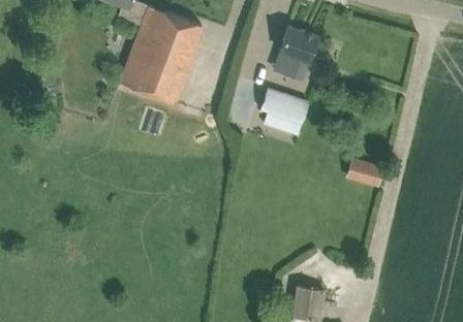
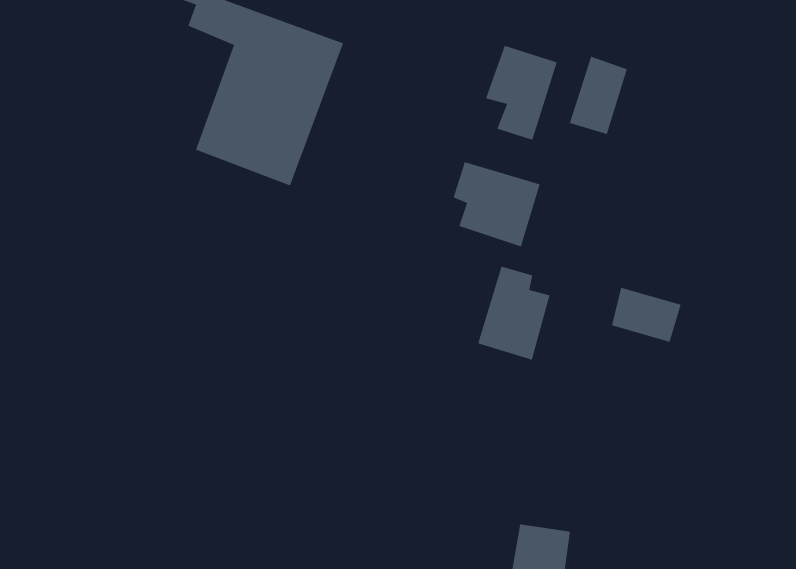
building: none -> [569,56,628,135]
building: none -> [477,266,550,360]

